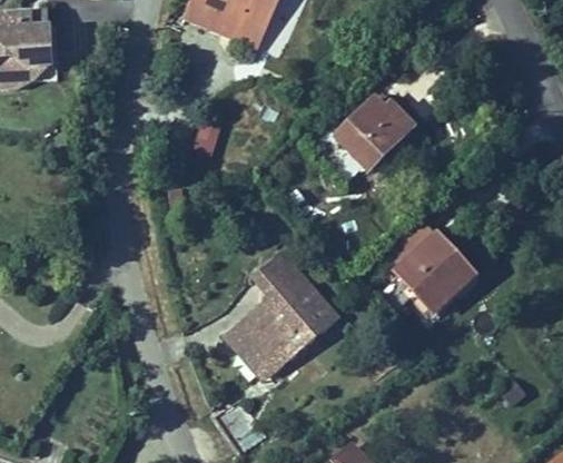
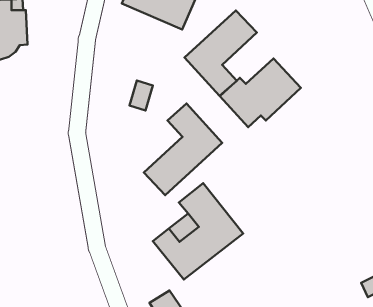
building: none -> [185,10,257,96]
building: none -> [144,103,222,195]
building: [383,220,472,311] -> none

